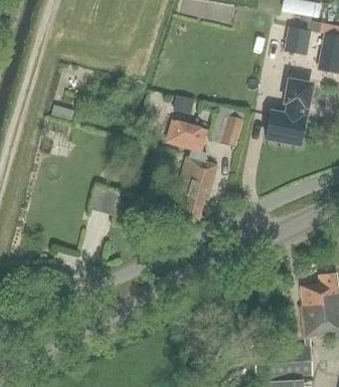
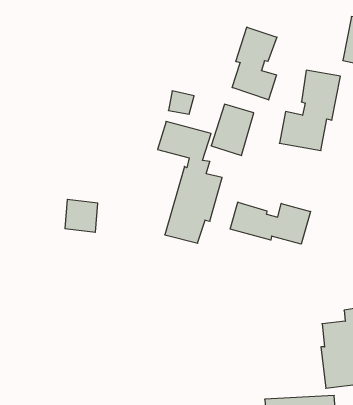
building: [287,25,315,54] -> none
building: none -> [232,27,277,100]
building: none -> [230,202,311,244]

